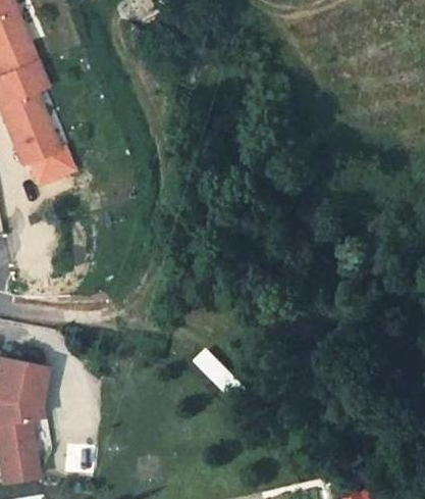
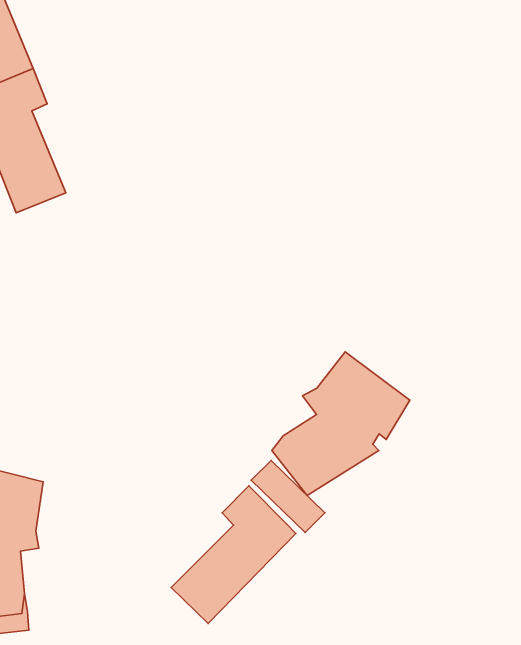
building: none -> [272,352,410,496]
building: none -> [171,486,296,624]

